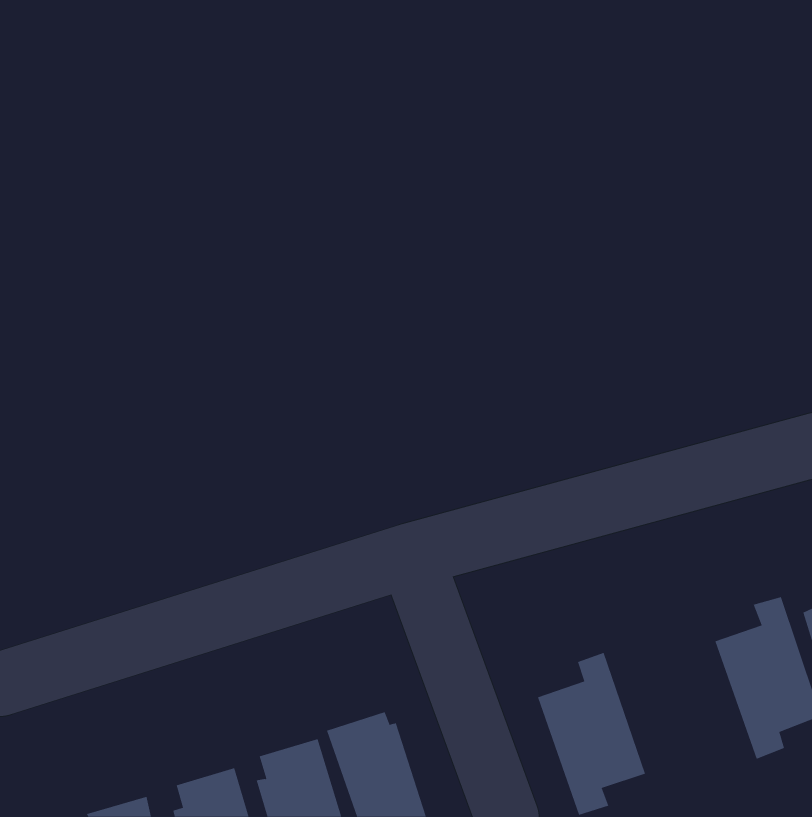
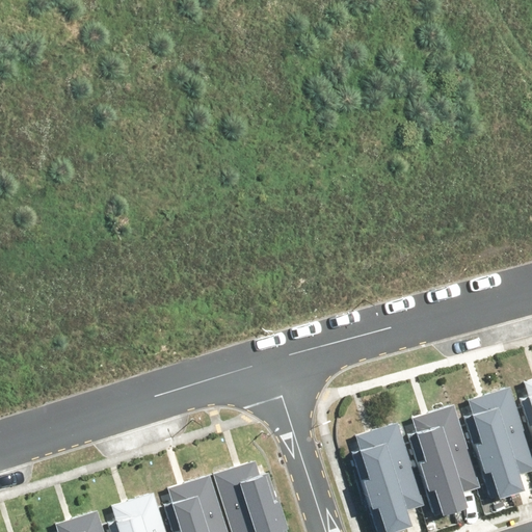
building: none -> [409,406,481,512]

